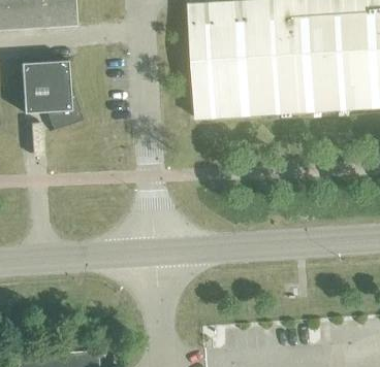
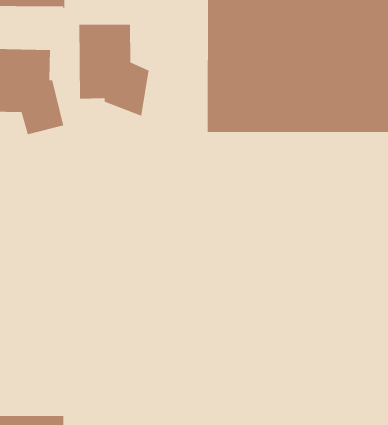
building: none -> [79,24,150,117]

